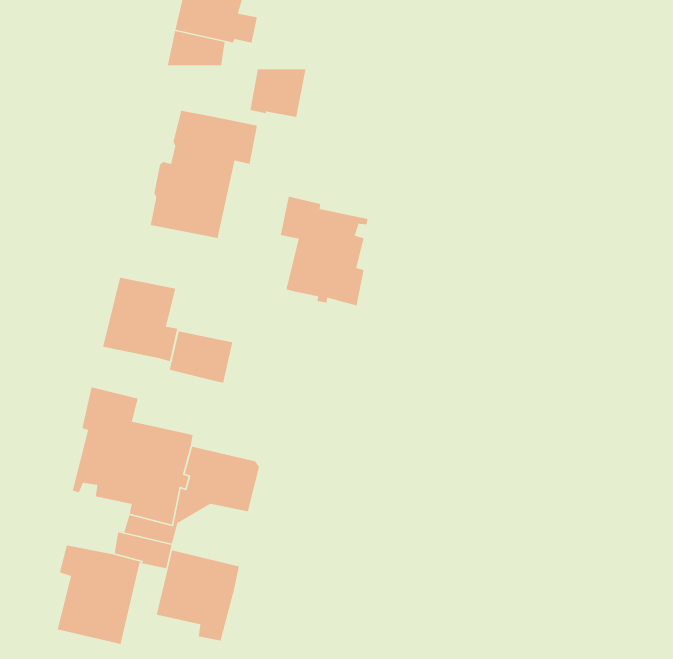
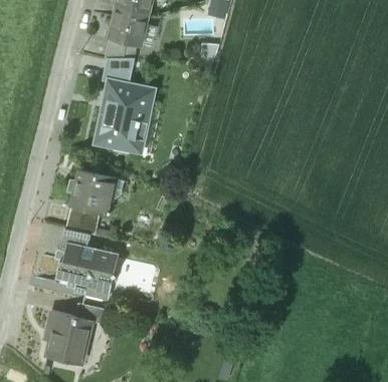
building: [250,69,306,118] -> [103,58,133,84]
building: [280,196,369,306] -> none
building: [169,330,233,383] -> [65,207,100,235]
building: [156,549,240,641] -> none

